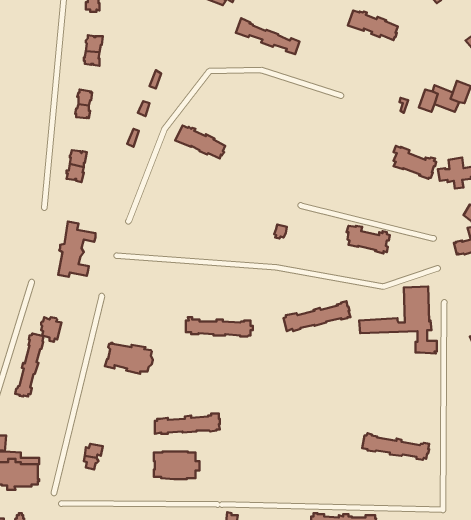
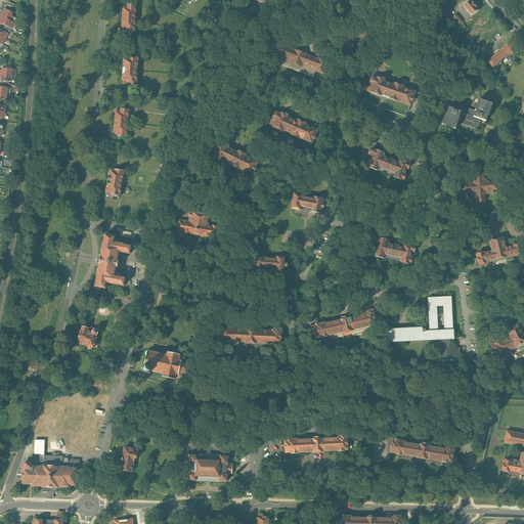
building: [348,10,398,40] -> [366,76,414,104]
building: none -> [269,112,317,142]
building: [394,146,436,179] -> [368,148,409,180]
building: none -> [292,192,324,212]
building: none -> [174,211,217,237]
building: none -> [255,255,286,272]
building: [15,333,44,396] -> none
building: [155,413,220,434] -> [285,434,347,453]

